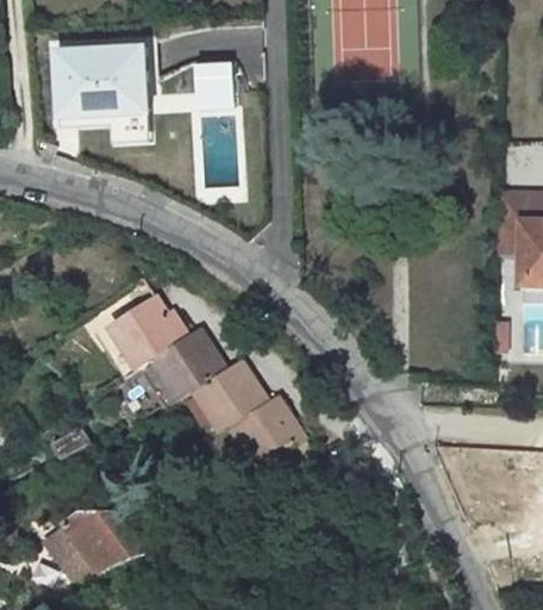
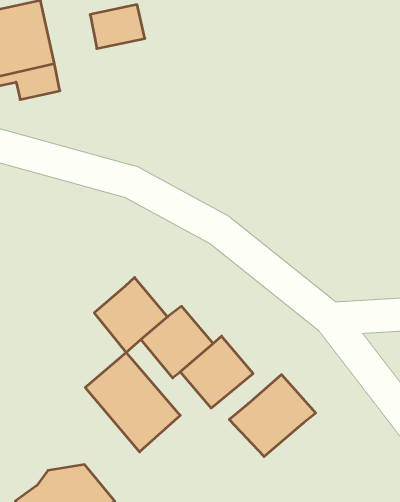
building: [112,299,185,369] -> none
building: none -> [85,353,180,452]
building: none -> [229,375,316,457]

